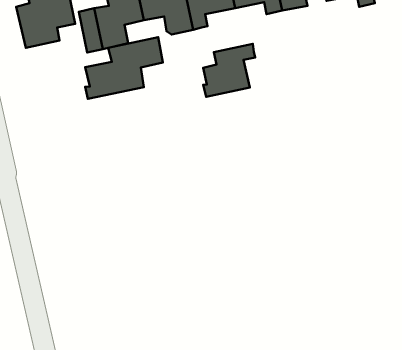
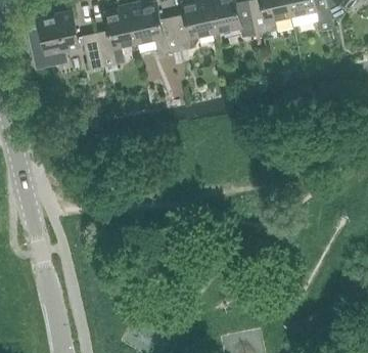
building: [85,37,163,99] -> none
building: [203,44,255,97] -> none

